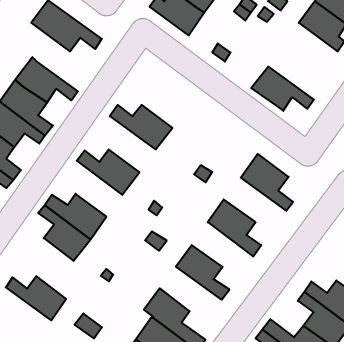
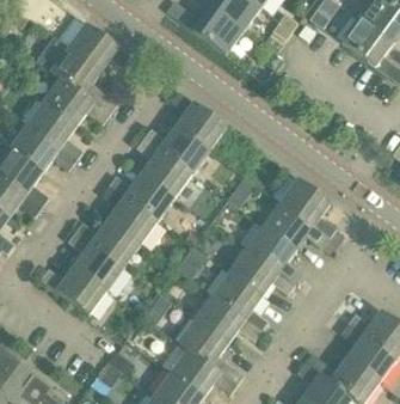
building: none -> [39,39,116,114]
building: [251,67,314,111] -> [261,204,327,251]
building: none -> [170,91,226,152]
building: none -> [135,140,190,198]
building: none -> [100,186,155,245]
building: none -> [228,251,293,298]
building: none -> [195,298,259,344]
building: [6,276,66,320] -> [41,268,104,314]

